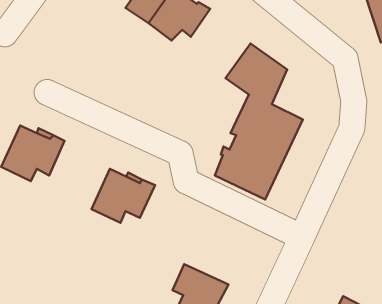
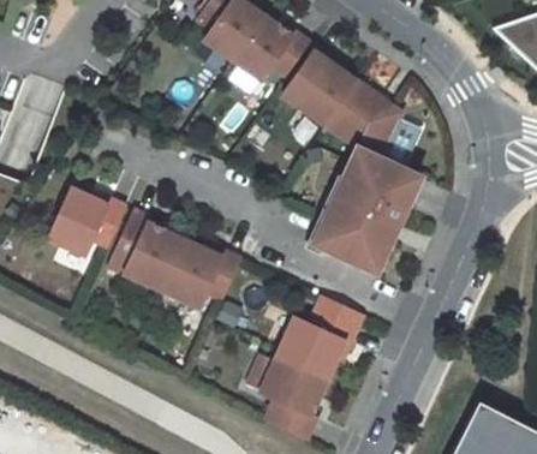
building: none -> [285,48,360,127]
building: none -> [107,208,185,291]
building: none -> [278,311,364,384]

